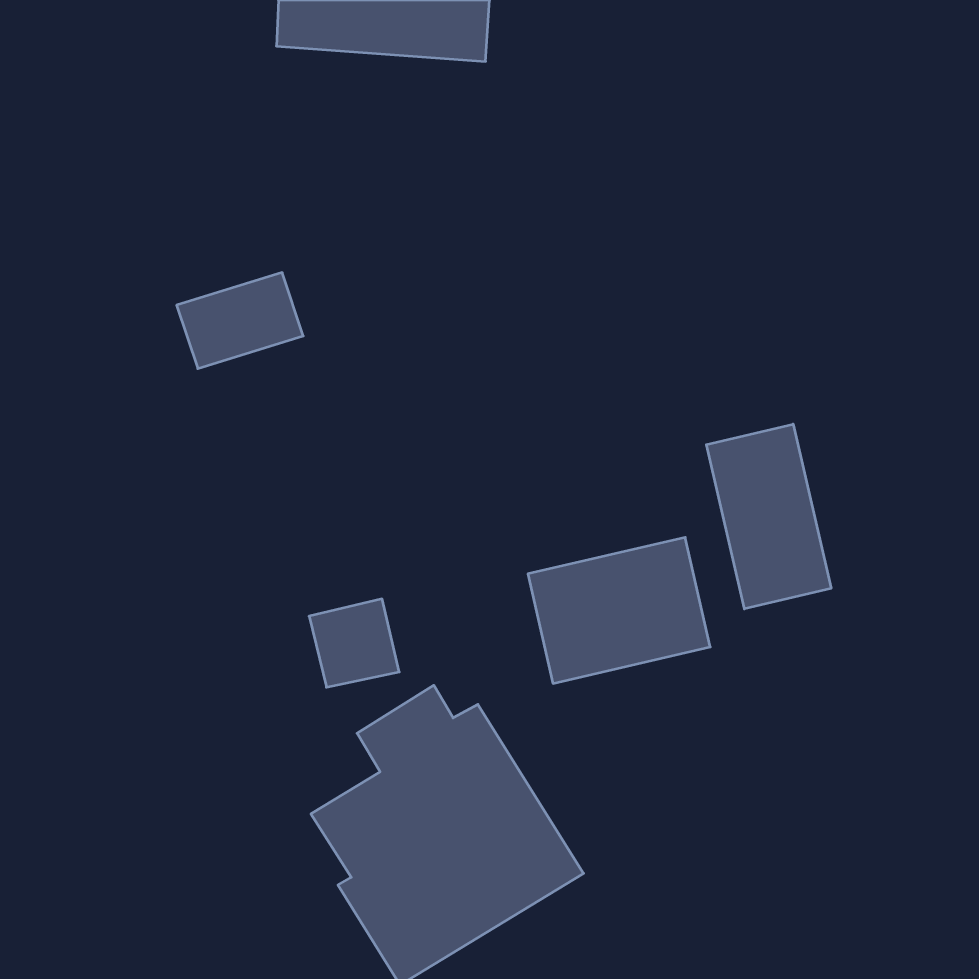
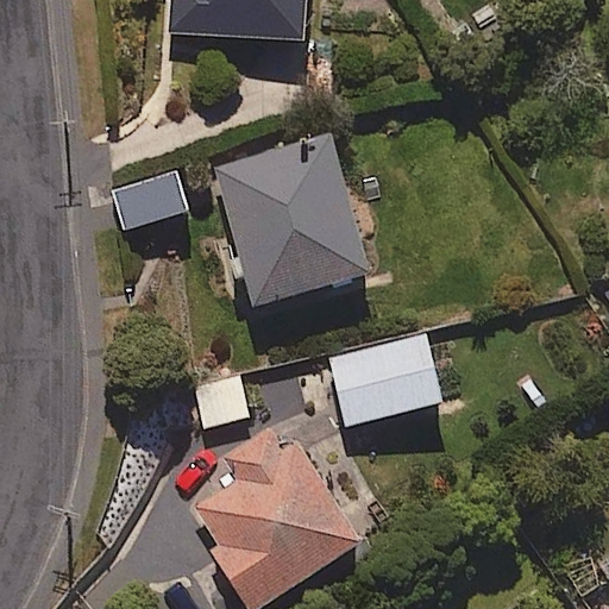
building: none -> [213,133,369,304]
building: [706,424,831,609] -> none

